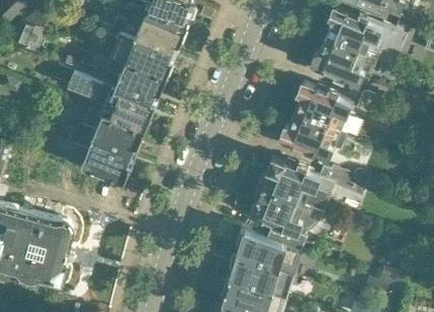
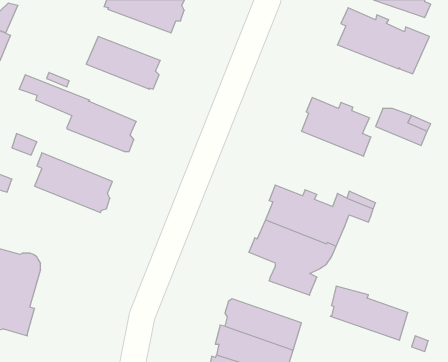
building: [112,10,185,54] -> none
building: [309,41,376,85] -> none
building: [101,57,166,106] -> none
building: [72,109,142,157] -> none
building: [277,114,346,165] -> none
building: [234,231,300,276] -> [330,286,408,340]

